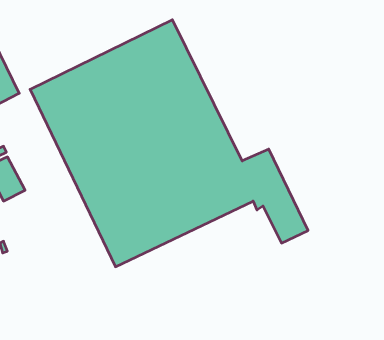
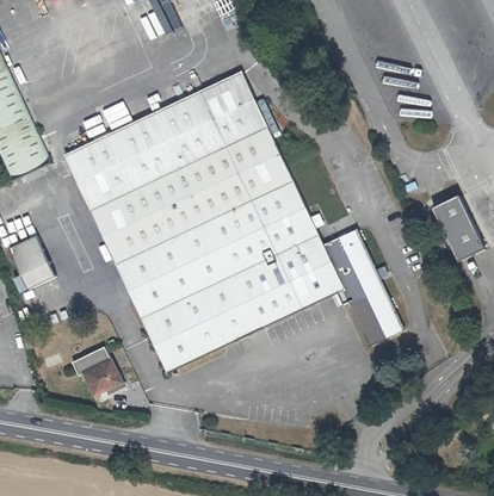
building: none -> [431,193,483,259]
building: none -> [73,343,125,392]

